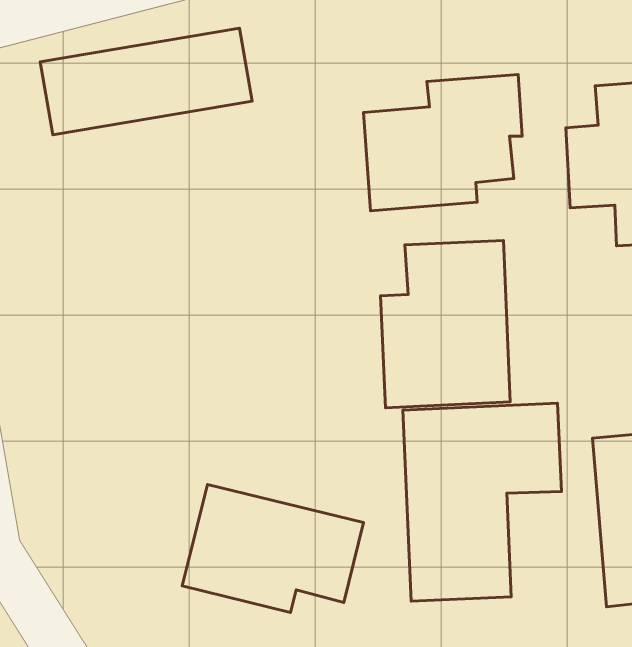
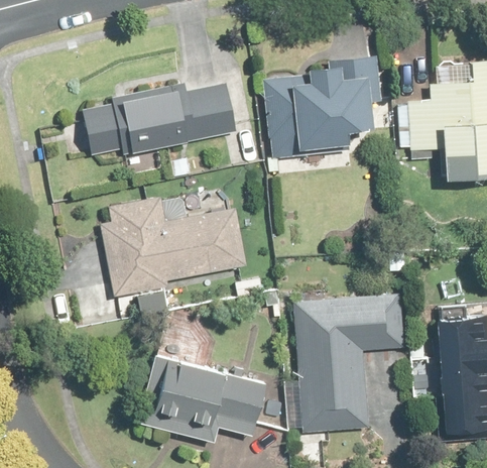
building: [40,28,252,135] -> [88,83,240,159]
building: [380,241,510,408] -> none
building: none -> [99,196,252,298]

